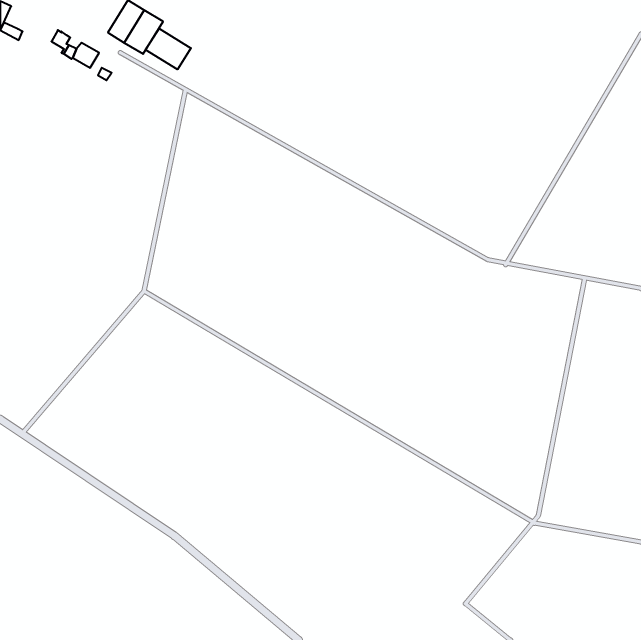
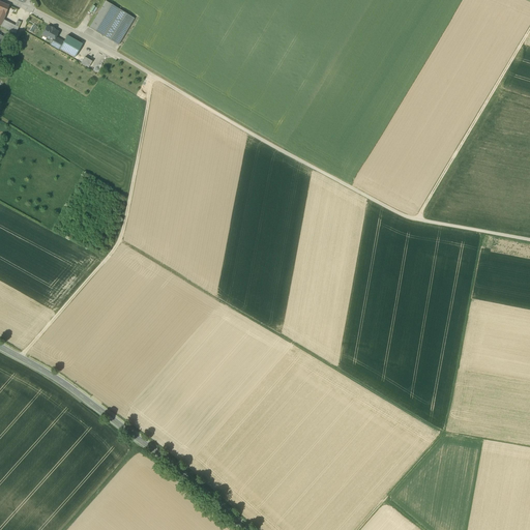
building: [146,28,191,69] -> none

